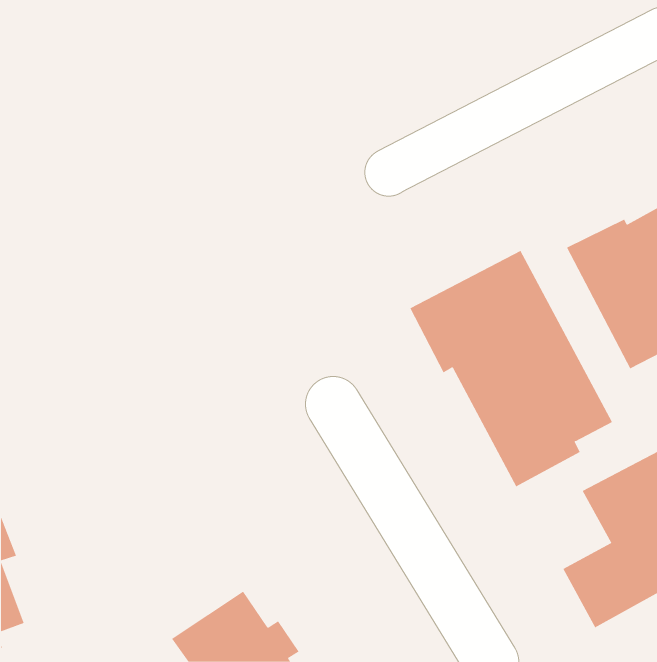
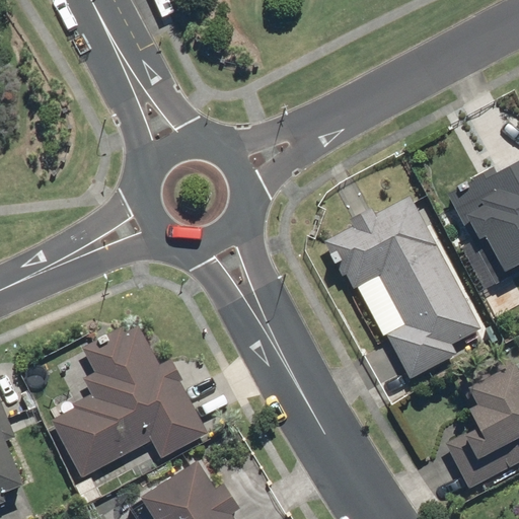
building: none -> [49,319,209,480]

